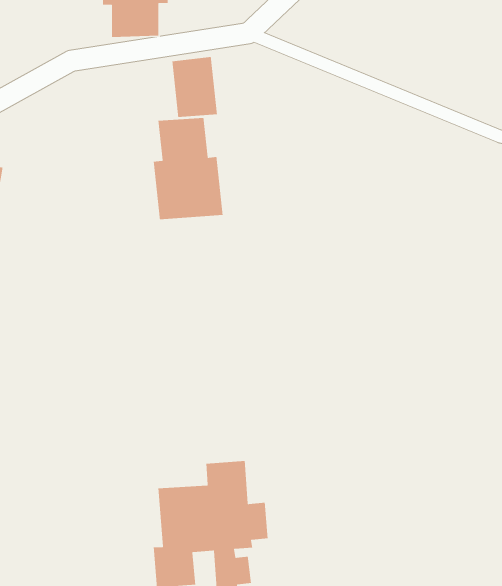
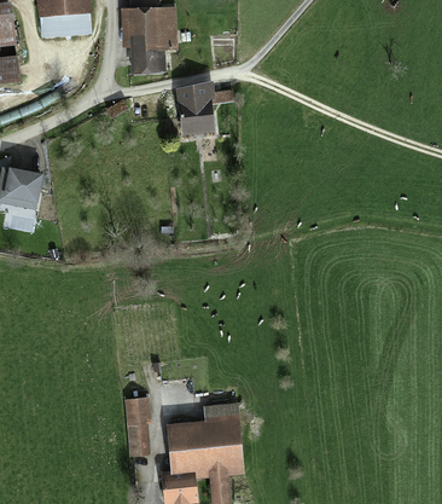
building: [153,117,224,220] -> none
building: none -> [127,400,149,453]

